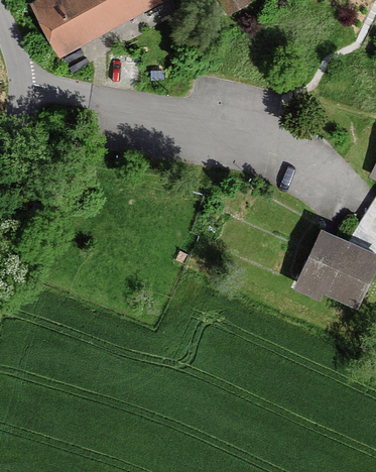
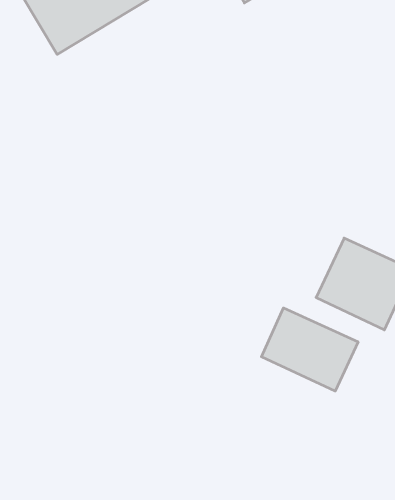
building: none -> [261,308,358,391]

